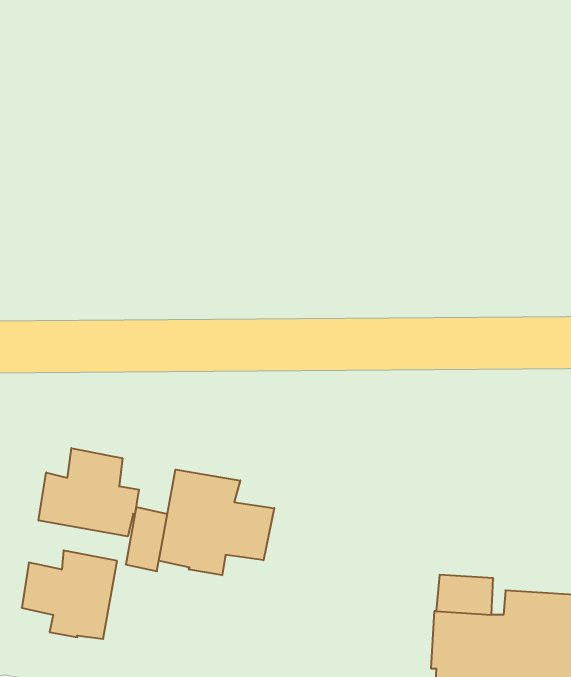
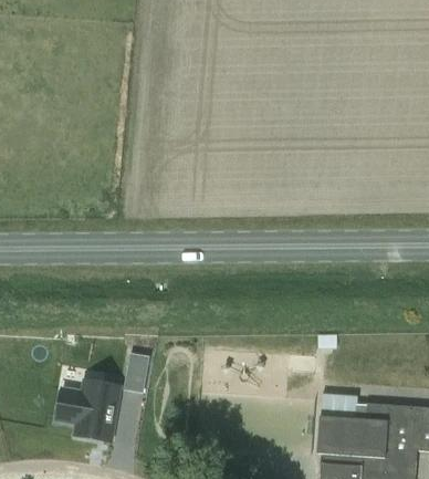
building: [39,448,139,536] -> none
building: [159,470,274,575] -> none

